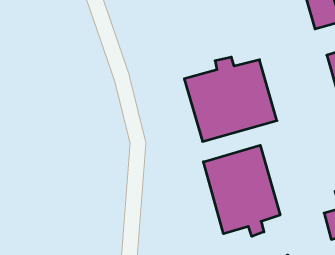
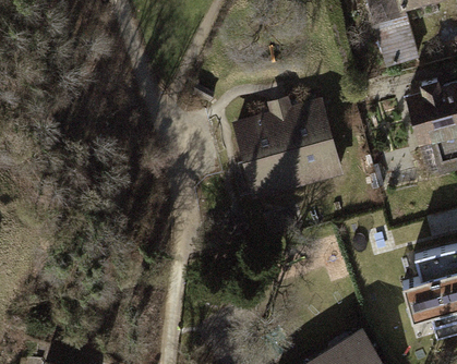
building: [203,145,280,236] -> none

